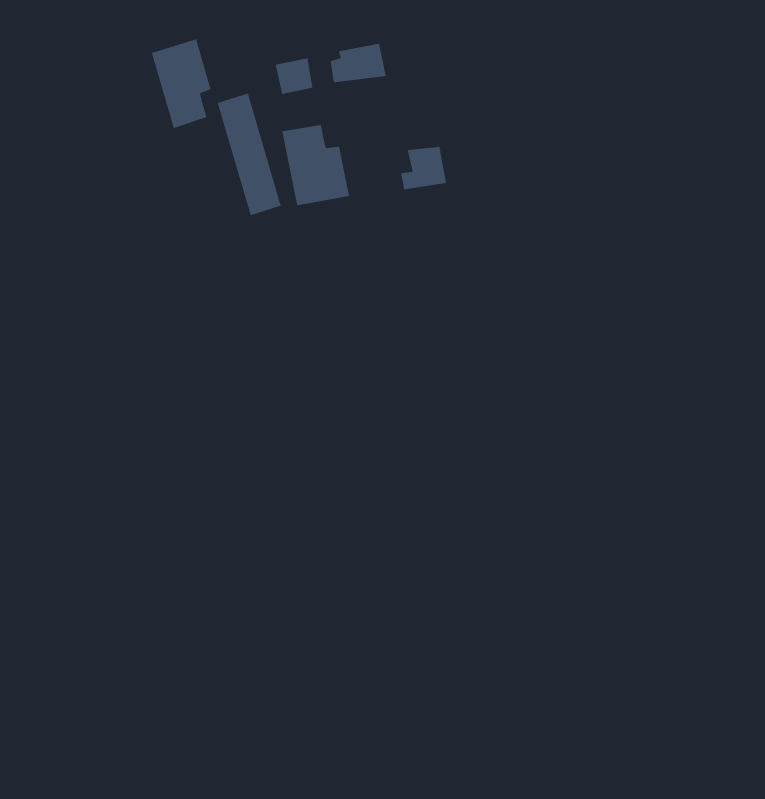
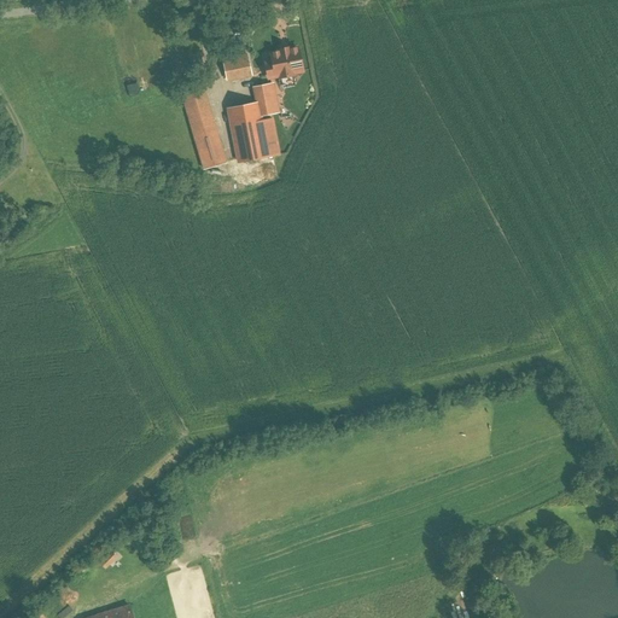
building: [151,39,211,129] -> none
building: [400,146,447,190] -> [256,84,290,116]

